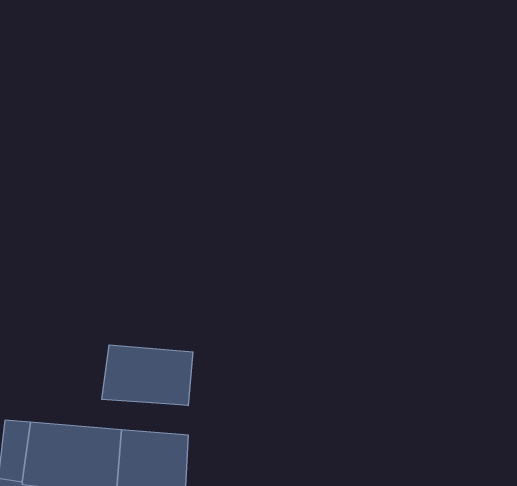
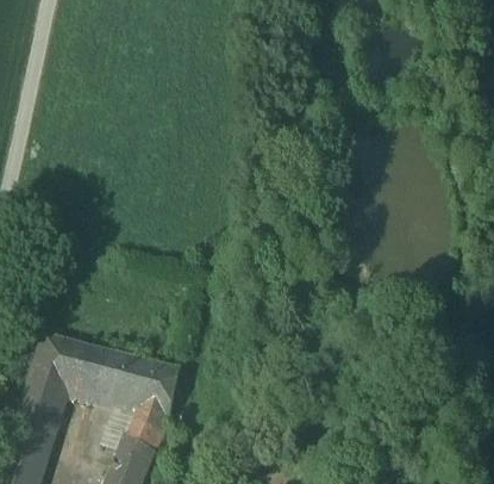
building: [102,345,193,406] -> none

